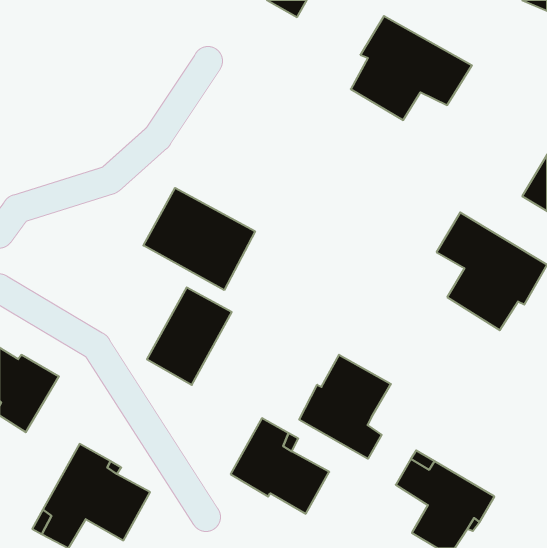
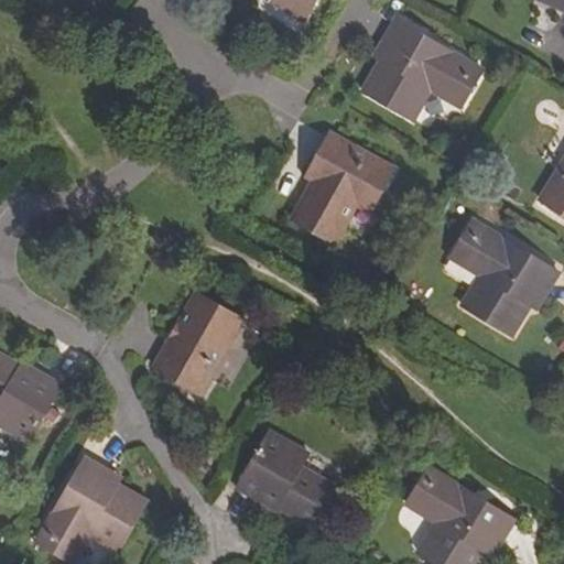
building: none -> [285,130,398,247]
building: [143,188,255,290] -> none
building: [299,355,391,459] -> none

